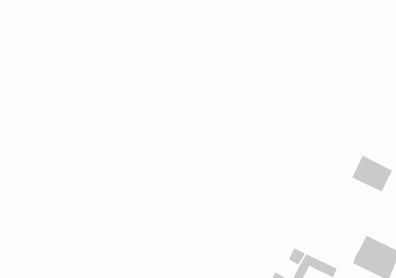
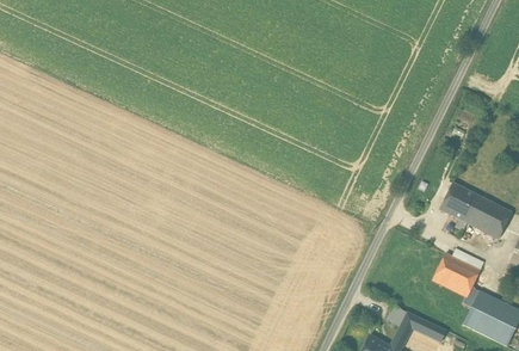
building: none -> [439,183,475,230]
building: none -> [432,248,483,307]

